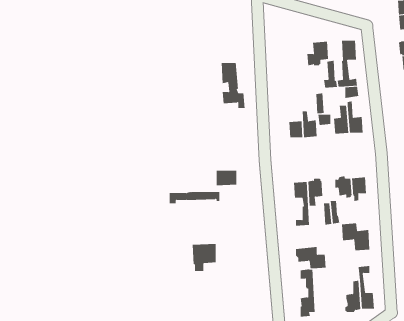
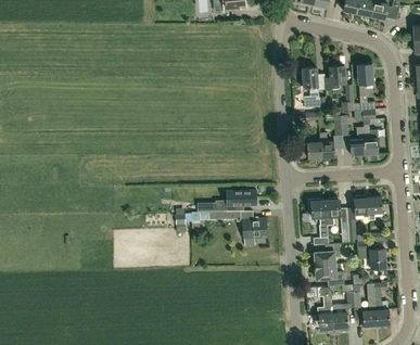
building: [221,62,245,108] -> [302,67,326,112]
building: none -> [313,243,340,266]
building: [192,243,216,271] -> [243,218,267,245]
building: none -> [332,291,353,330]

